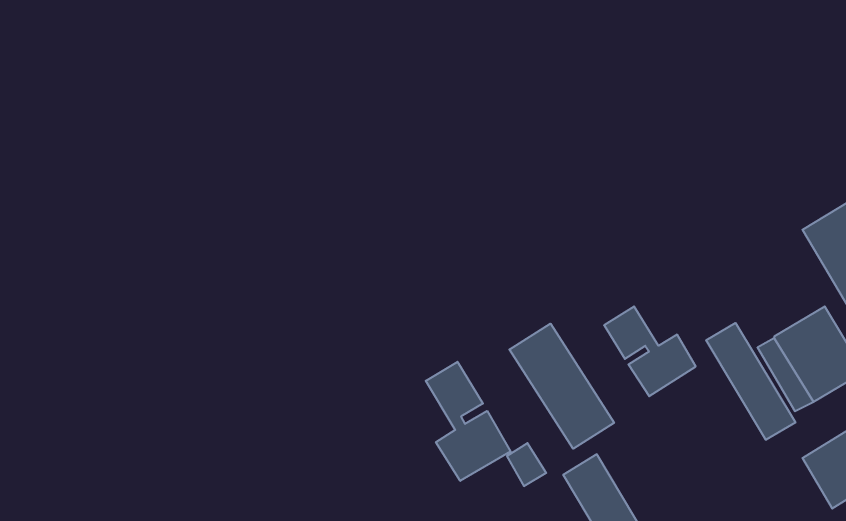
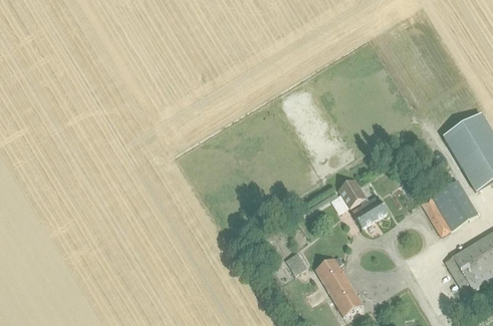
building: [706,323,795,440] -> none
building: [509,324,614,449] -> none
building: [426,362,511,481] -> none

